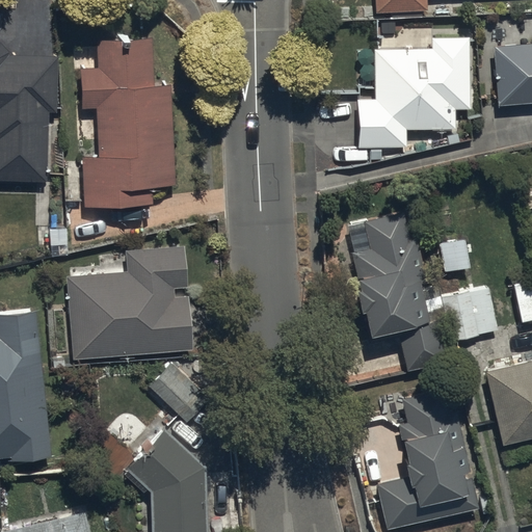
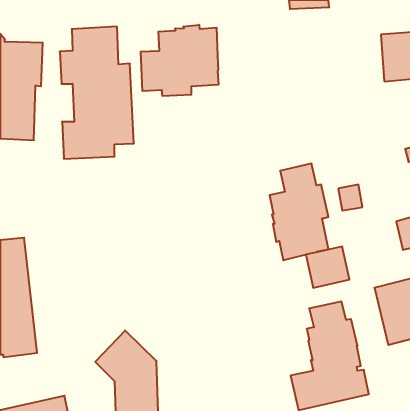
building: none -> [141,25,218,96]
building: [358,37,471,149] -> none
building: [66,246,192,360] -> none
building: [443,287,499,341] -> none
building: [149,363,209,422] -> none

